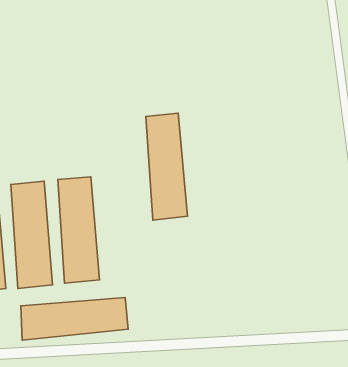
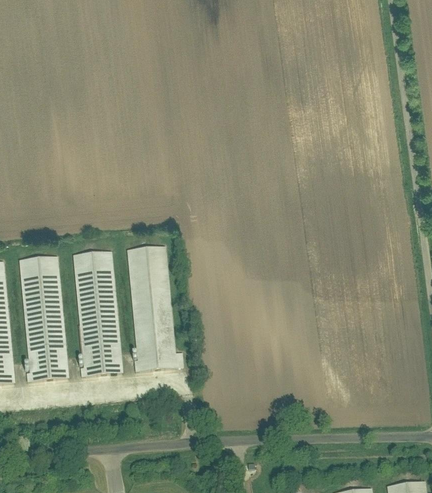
building: [146,113,188,220] -> [127,245,176,371]
building: [21,298,128,340] -> none

